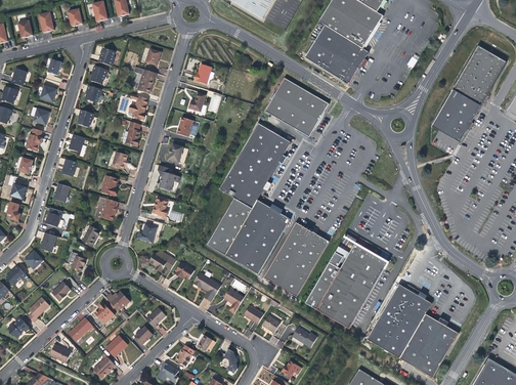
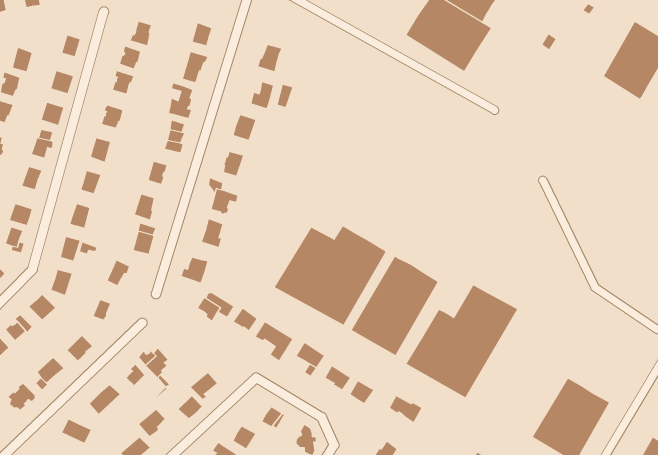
building: [265,78,329,137] -> none
building: [430,88,480,144] -> none
building: [219,123,292,208] -> none
building: [365,283,431,357] -> none

